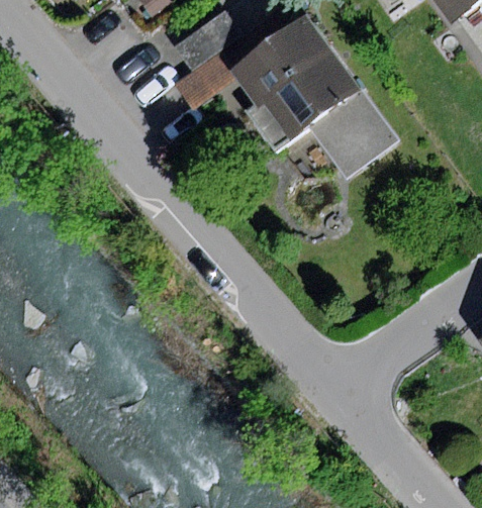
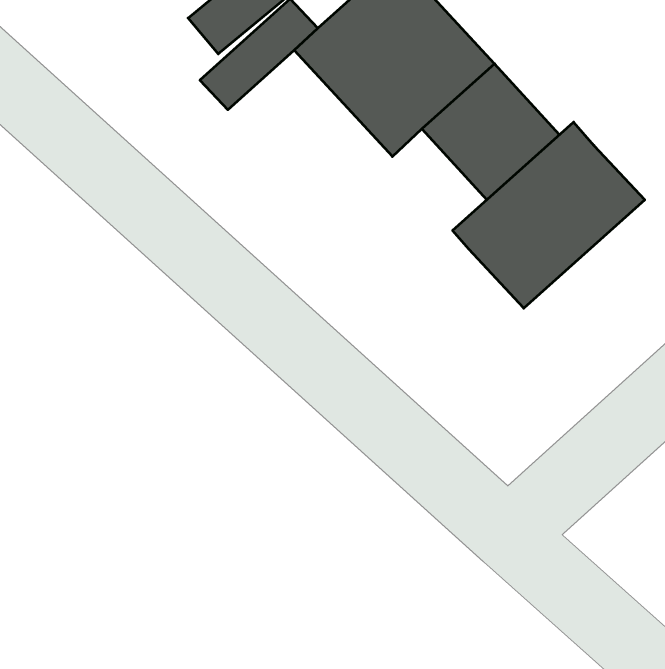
building: none -> [453,122,645,308]

